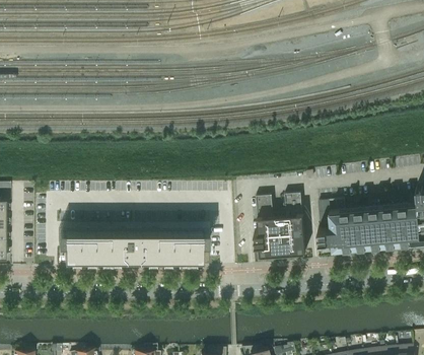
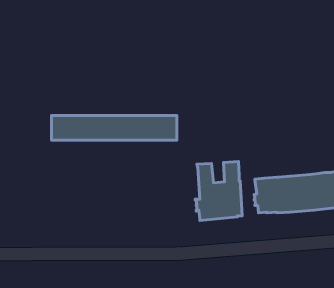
building: [65,231,203,259] -> [51,115,177,140]

